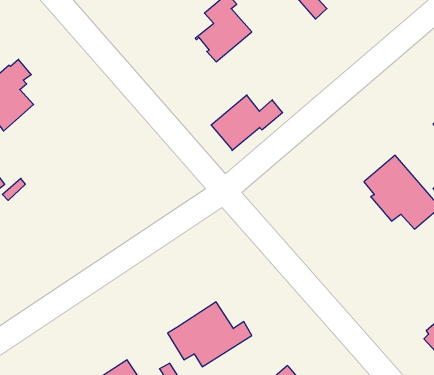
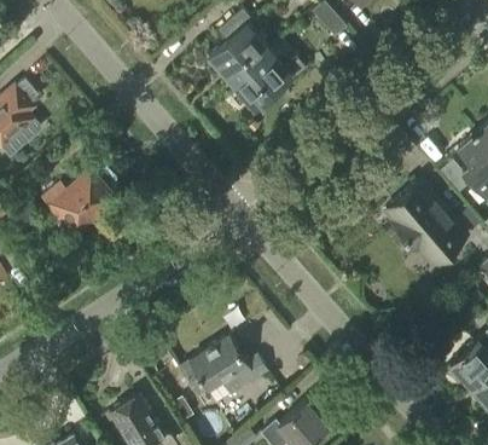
building: [211,95,283,151] -> [231,52,306,110]
building: none -> [42,173,115,236]

